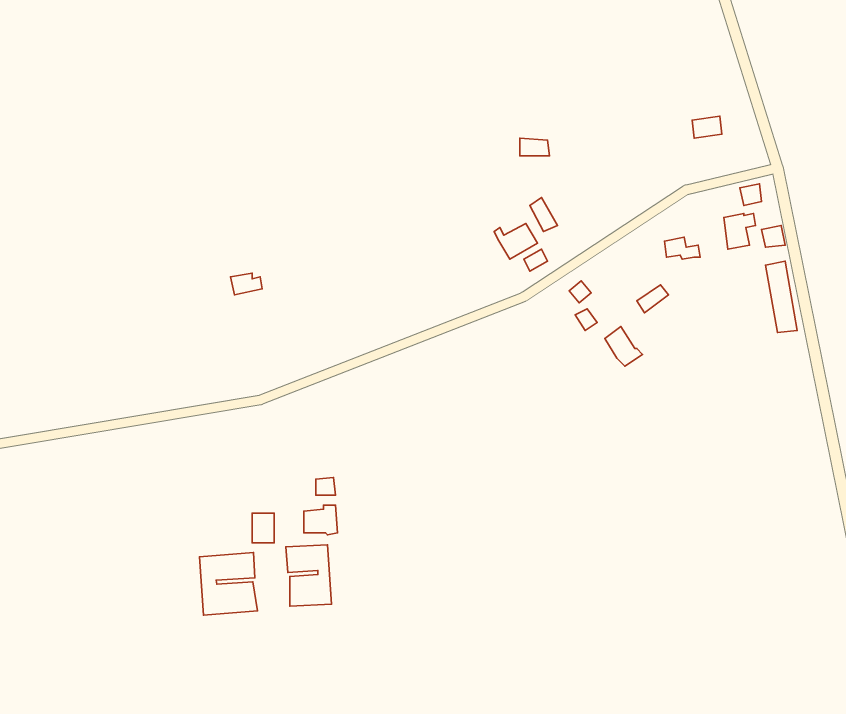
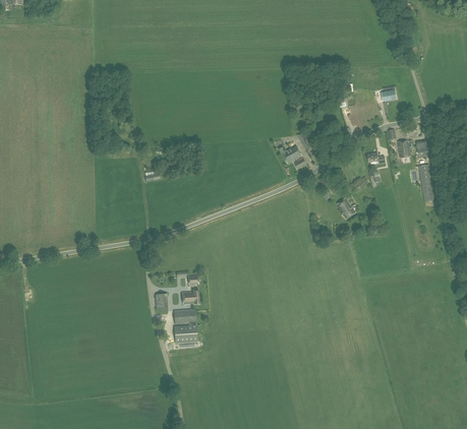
building: [200,552,257,615] -> none

